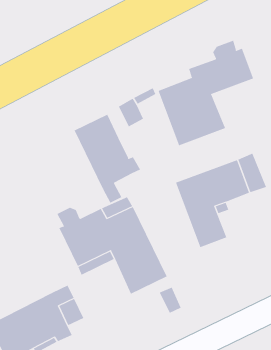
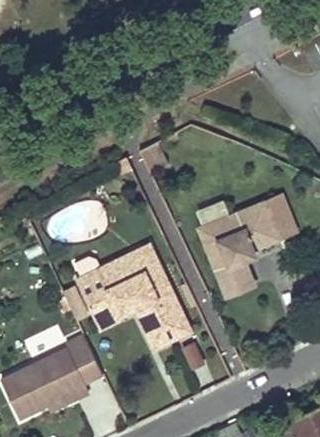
building: [158,40,254,146] -> none
building: [74,114,141,204] -> none

